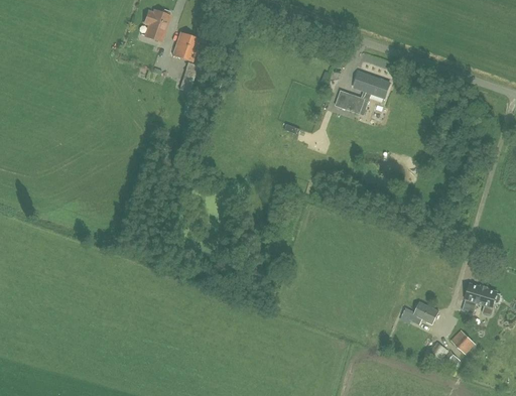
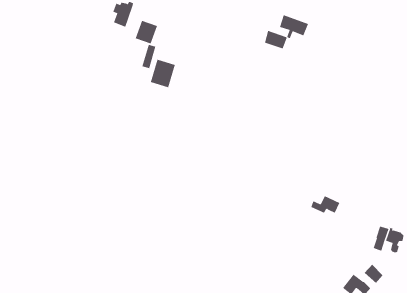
building: [336,72,390,114] -> [264,15,309,49]
building: none -> [150,59,176,88]
building: [402,301,438,323] -> [310,195,340,214]

